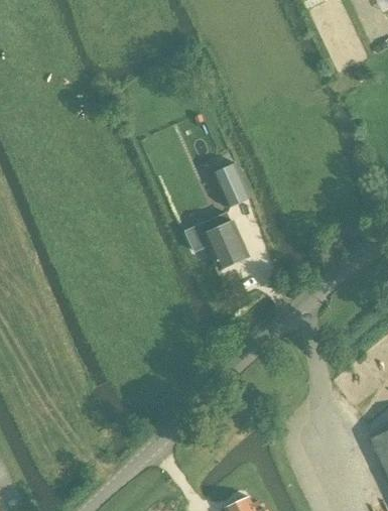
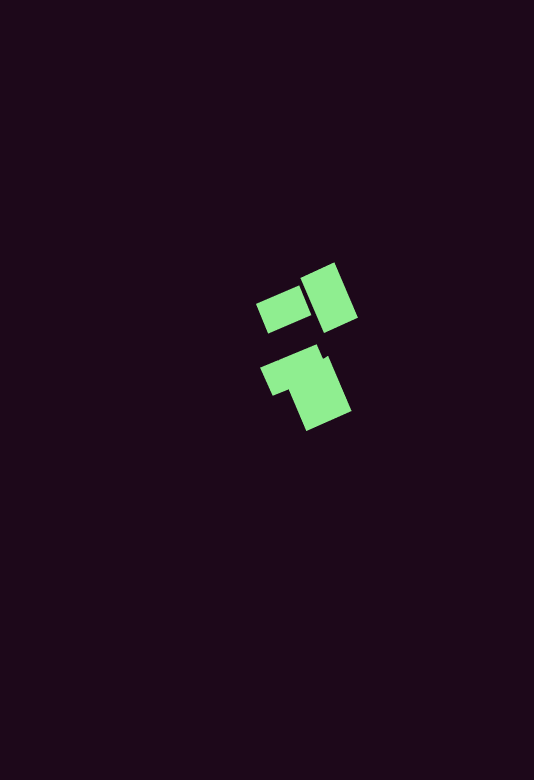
building: none -> [255,285,312,334]

